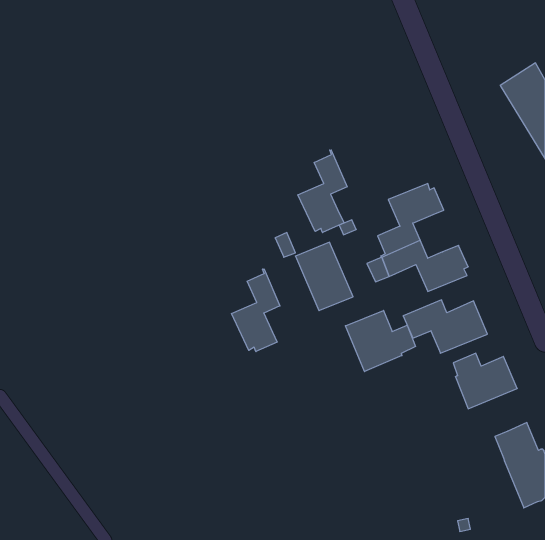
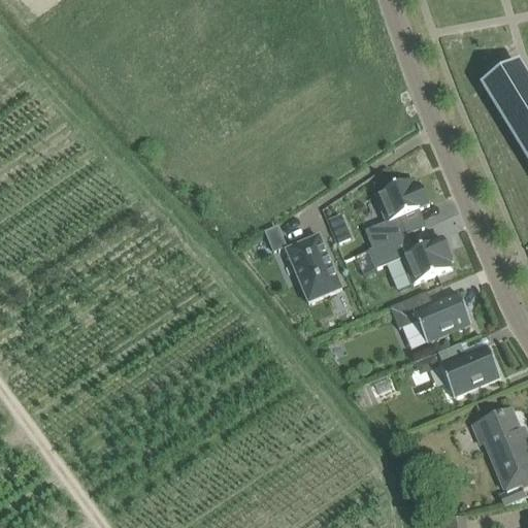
building: [298,150,347,233] -> none
building: [231,269,280,352] -> none
building: [345,310,416,372] -> none

